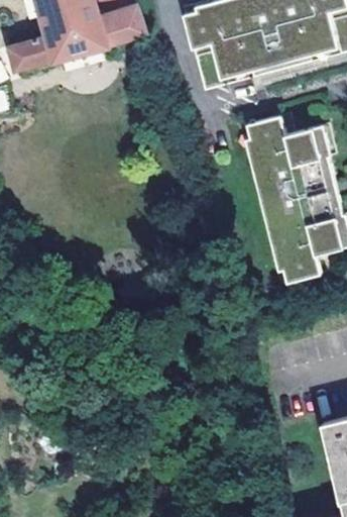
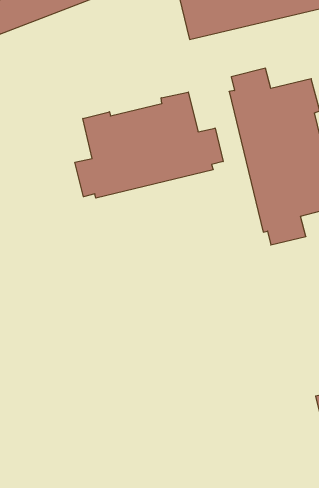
building: none -> [75,92,223,198]

